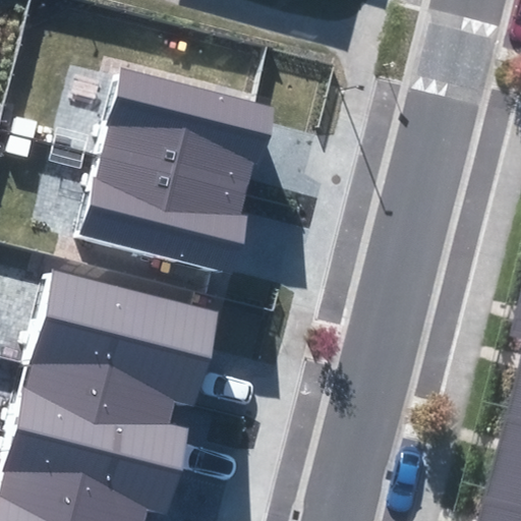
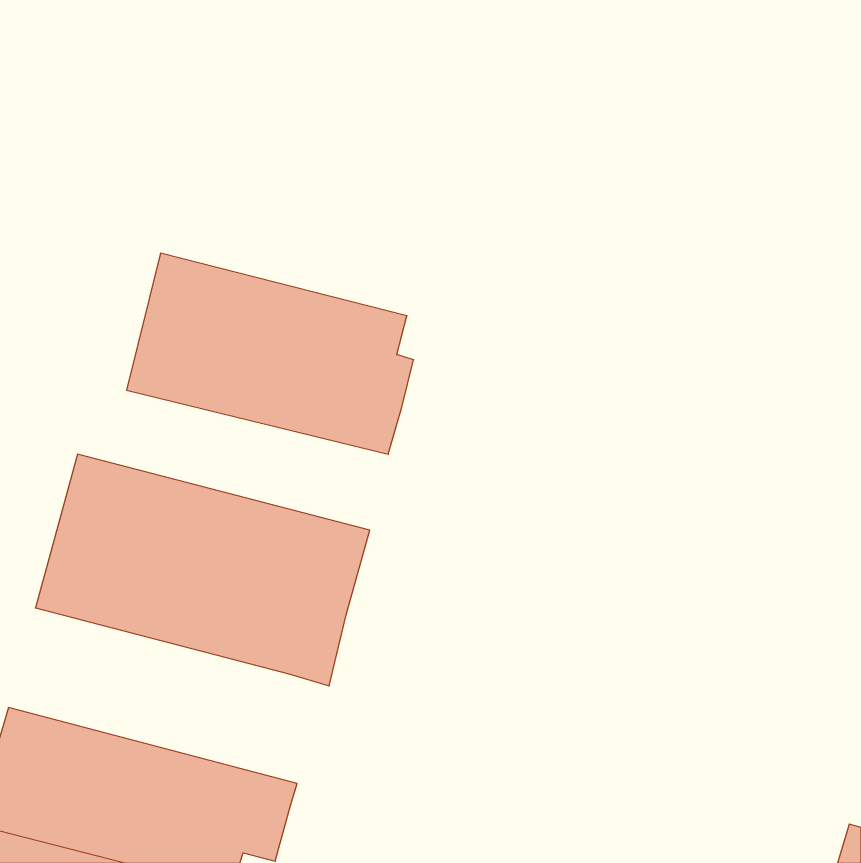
building: [97,68,274,190] -> none
building: [5,366,188,472] -> none

